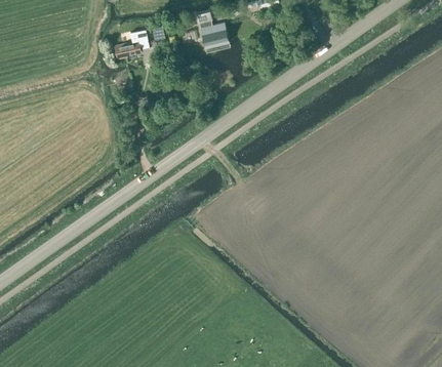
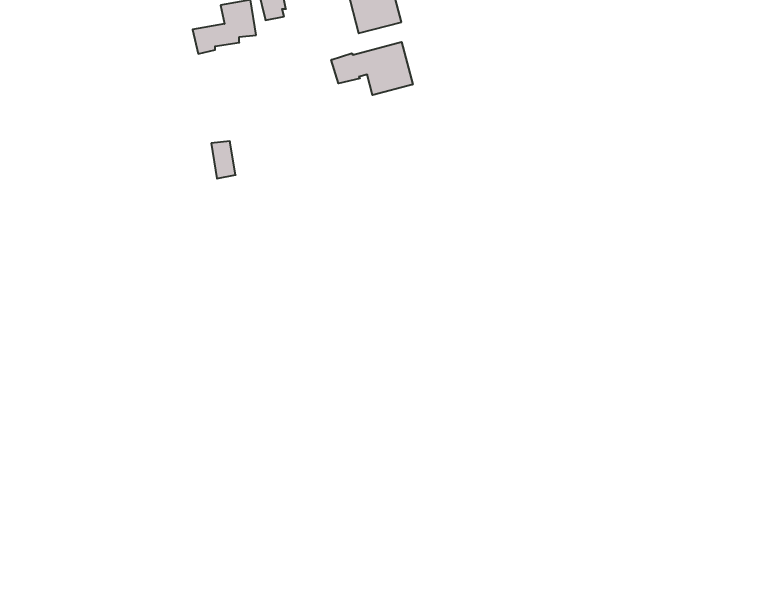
building: none -> [331,42,413,95]

